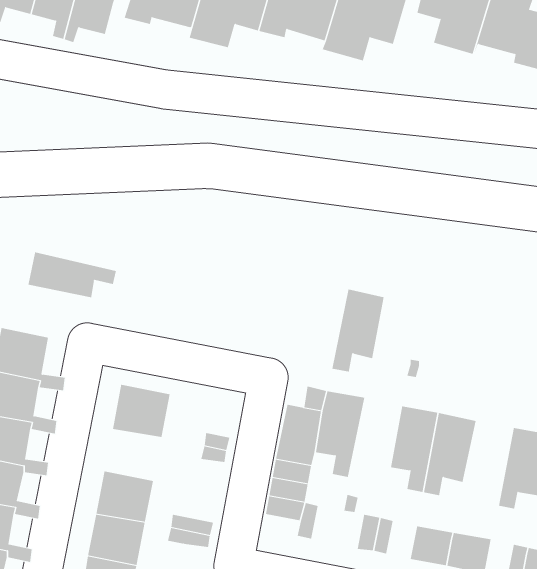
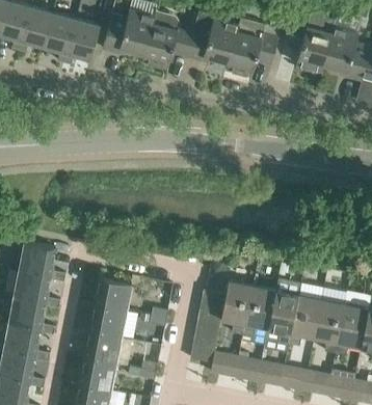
building: [28,251,116,298] -> none
building: [331,289,385,372] -> [242,286,275,338]
building: none -> [314,300,345,353]
building: none -> [89,305,126,338]

